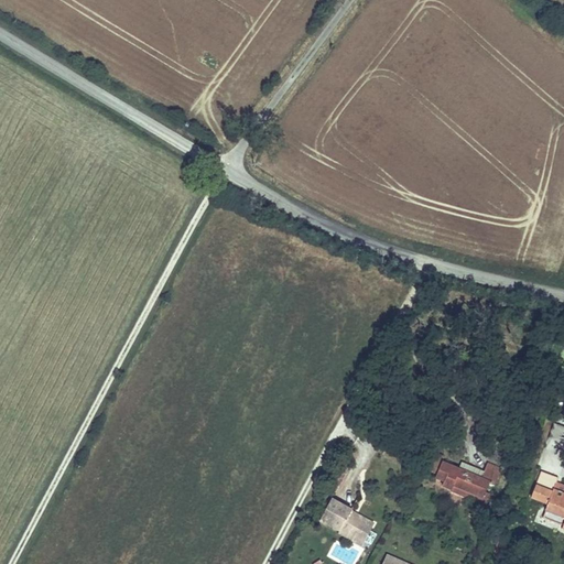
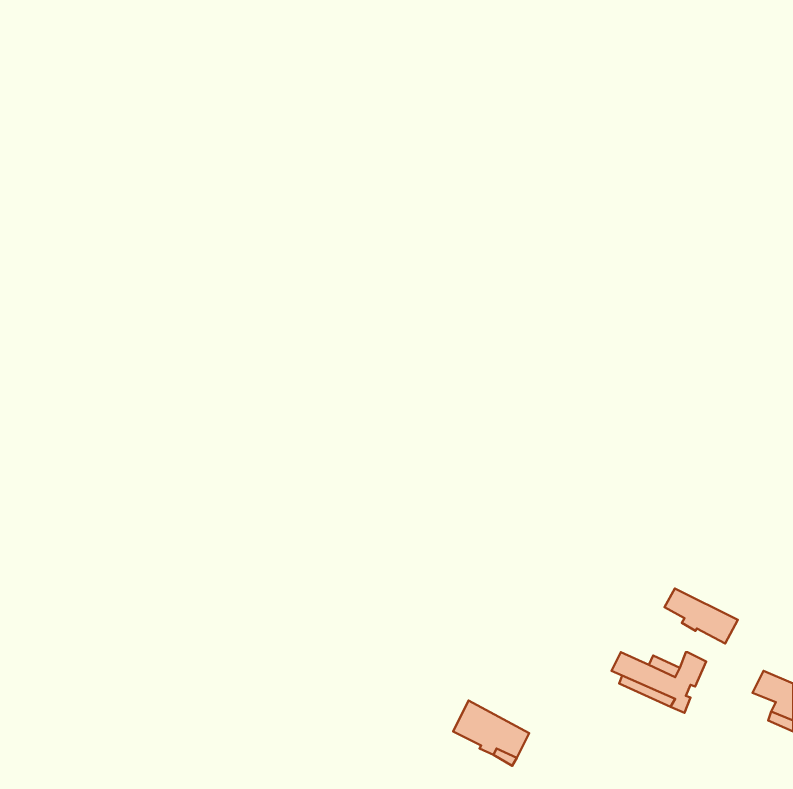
building: none -> [665,588,738,643]

